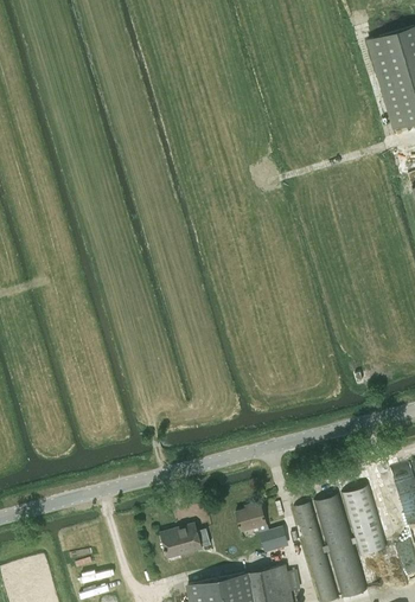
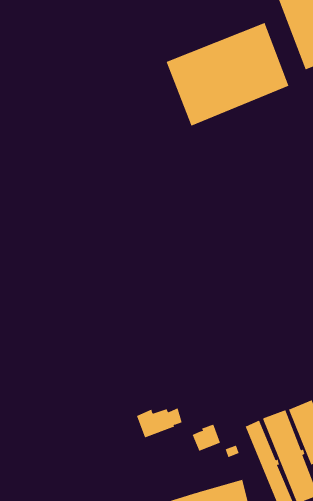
building: none -> [166,22,289,126]
building: [161,527,211,558] -> [136,408,183,438]

